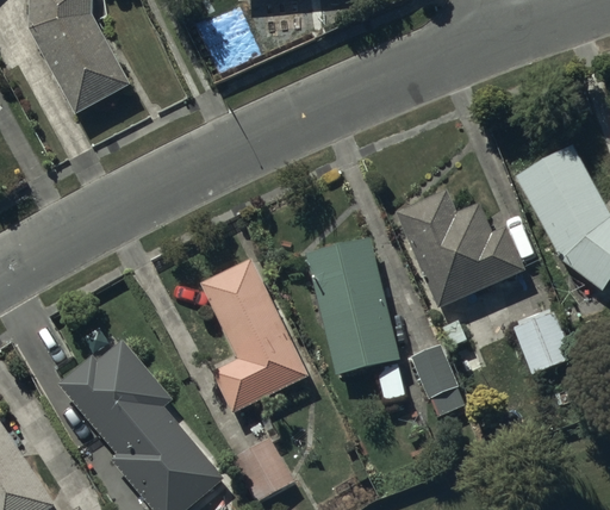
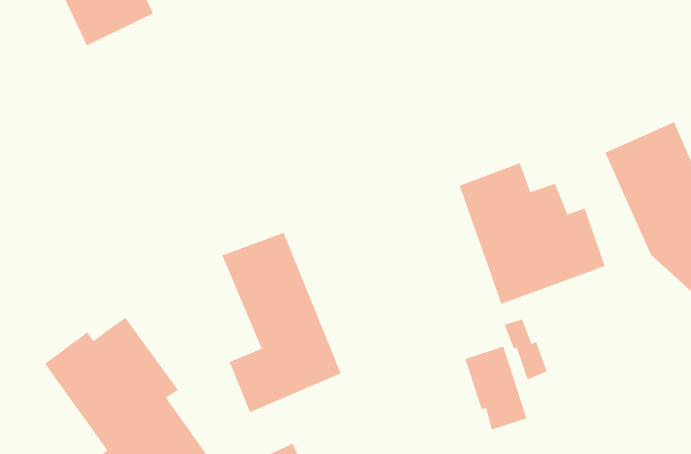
building: [306,237,405,402] -> none
building: [512,310,573,374] -> none

